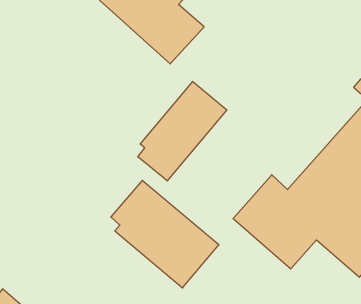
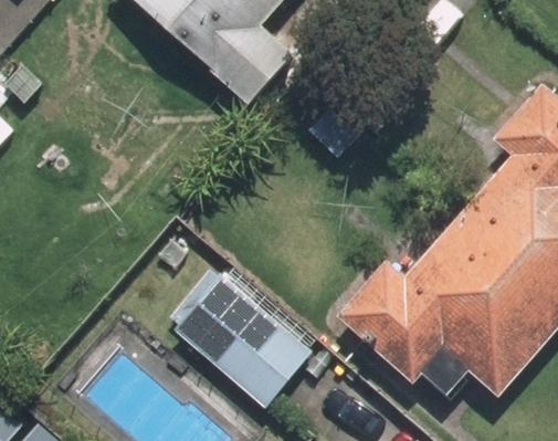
building: [138,81,227,181] -> none

